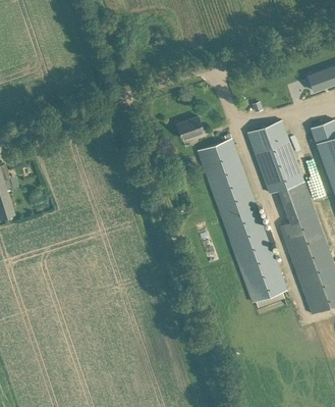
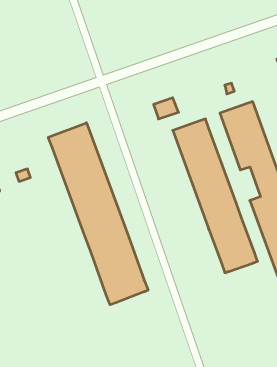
building: none -> [48,123,148,305]

